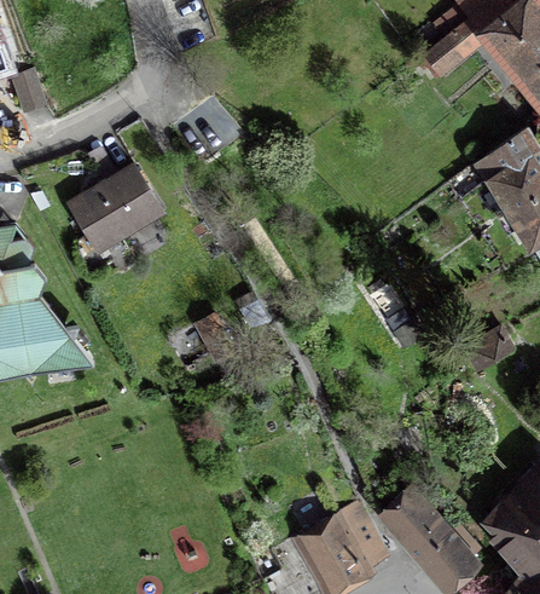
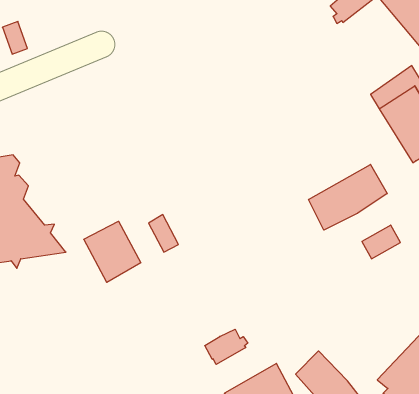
building: [70,168,162,265] -> none
building: none -> [309,164,387,230]
building: none -> [84,221,141,282]
building: none -> [205,329,248,364]

